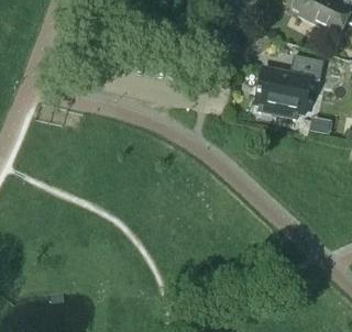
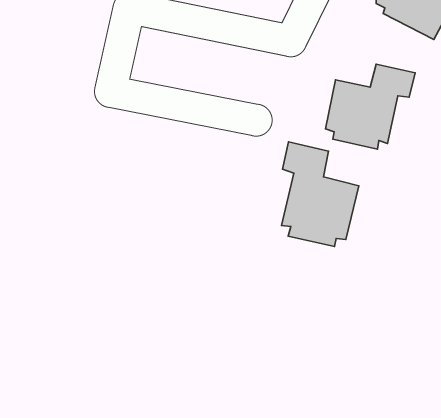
building: none -> [281,142,359,246]

